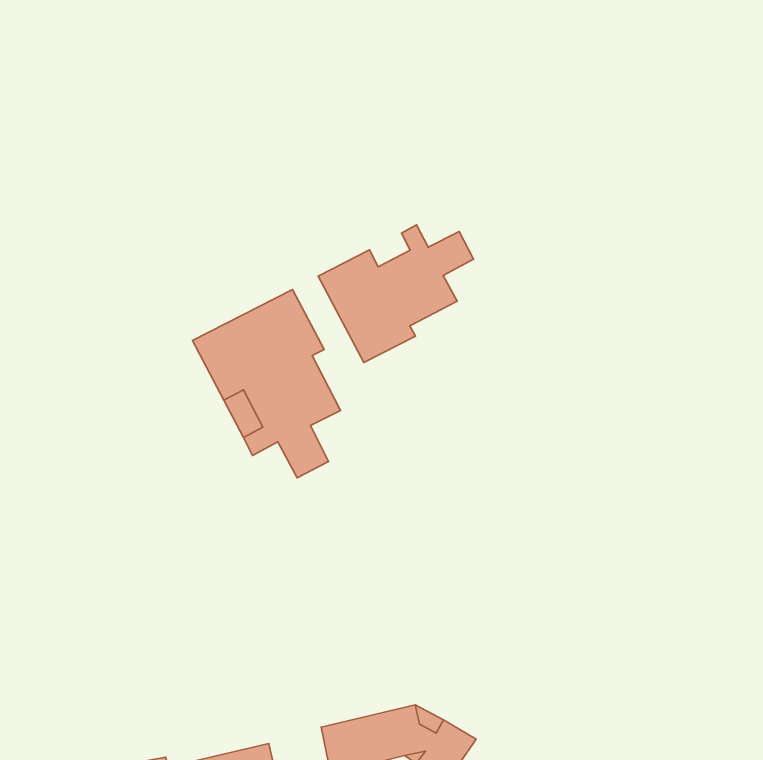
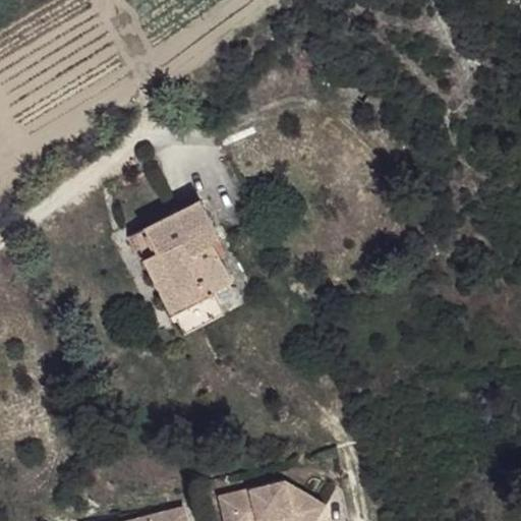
building: [318,225,473,363] -> none

